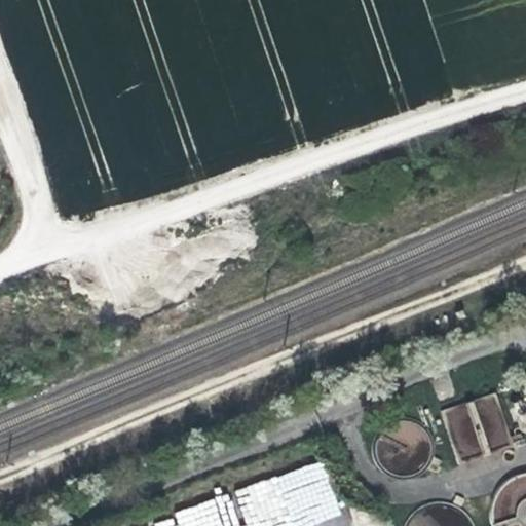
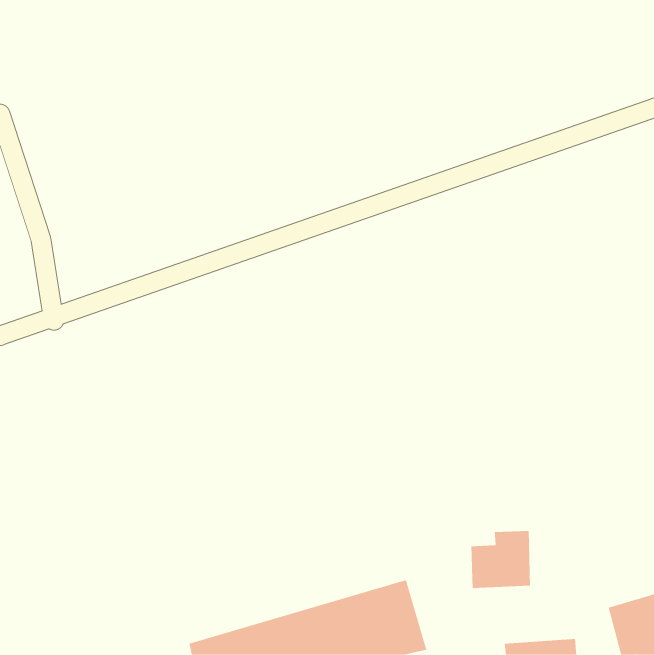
building: [444,393,512,460] -> none

